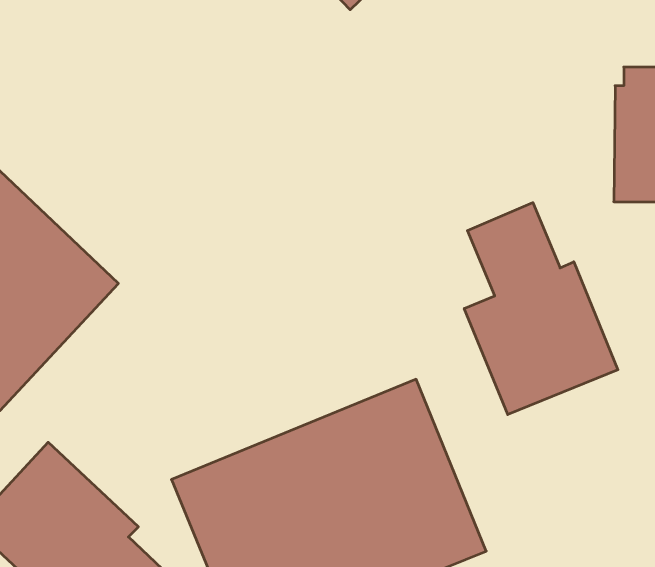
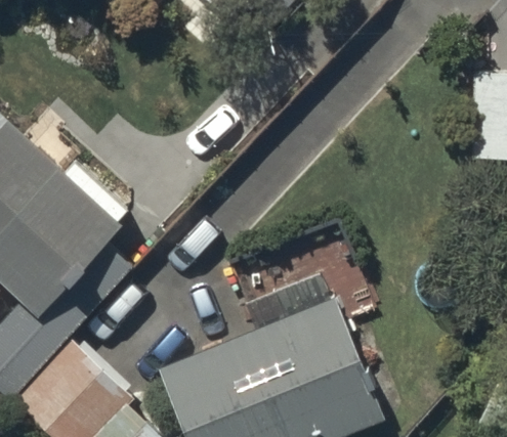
building: [464,203,618,415] -> none

